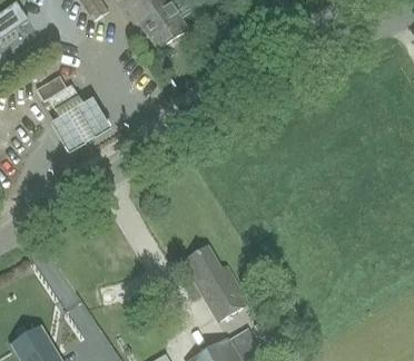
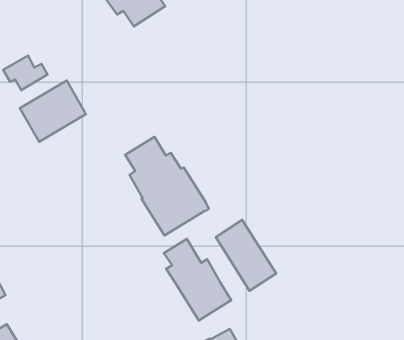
building: none -> [125,137,209,235]
building: none -> [216,220,276,291]

